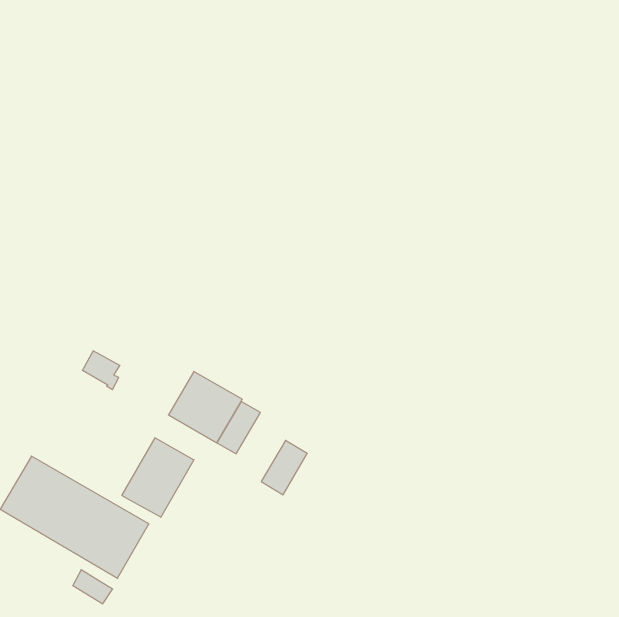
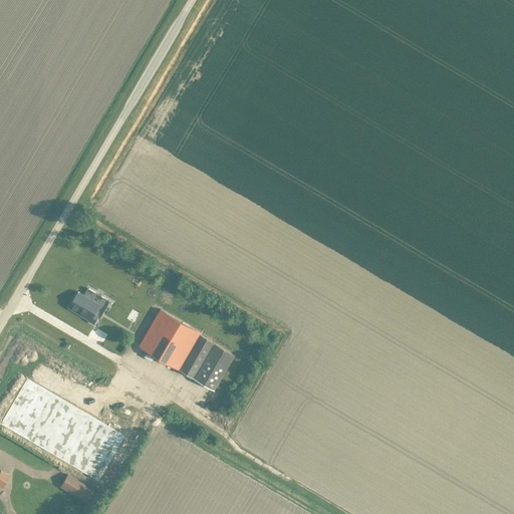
building: [122,438,194,517] -> none
building: [261,440,307,495] -> [196,343,234,389]

